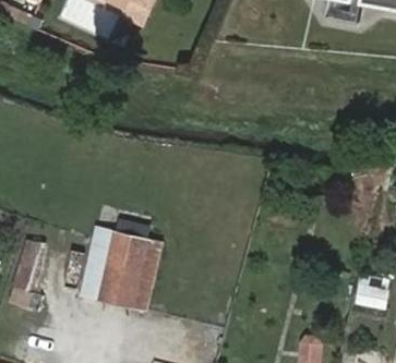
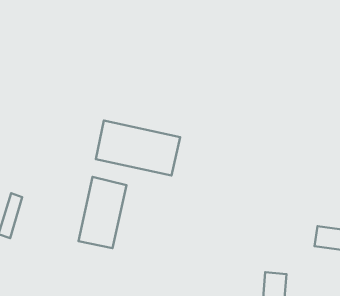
building: none -> [96,120,180,175]

